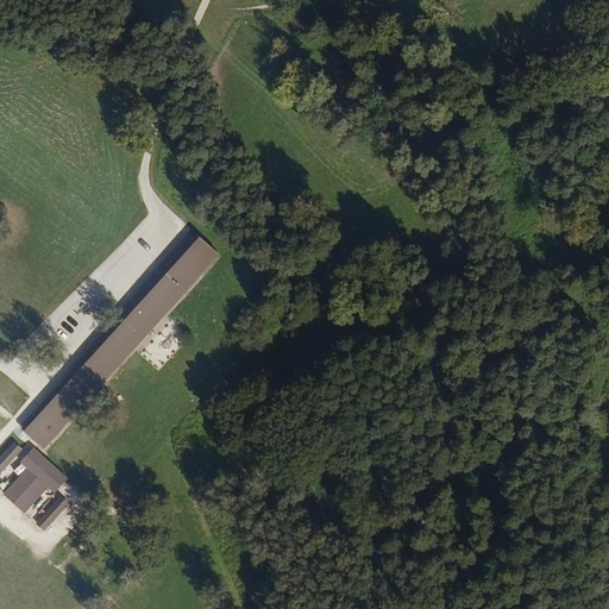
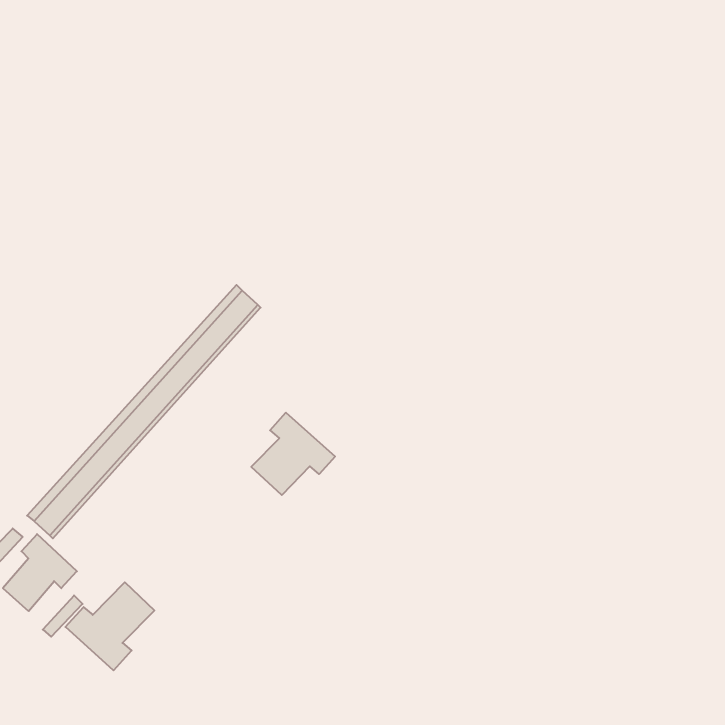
building: none -> [251,413,335,495]
building: none -> [65,582,154,670]

